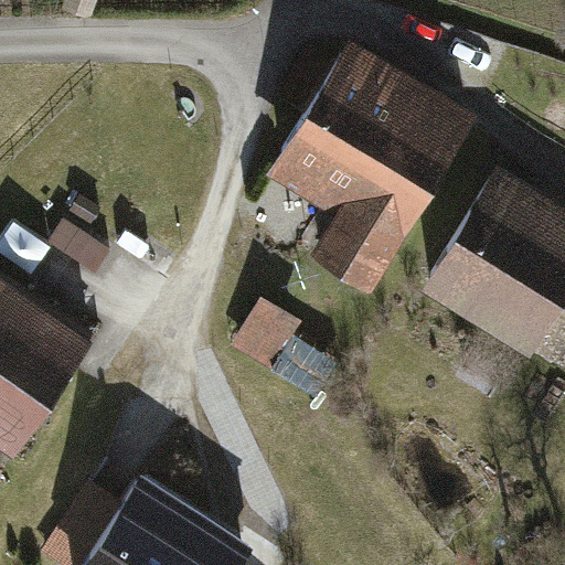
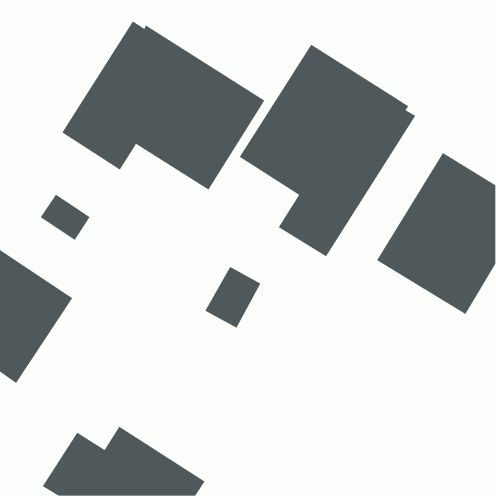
building: none -> [61,20,265,190]

